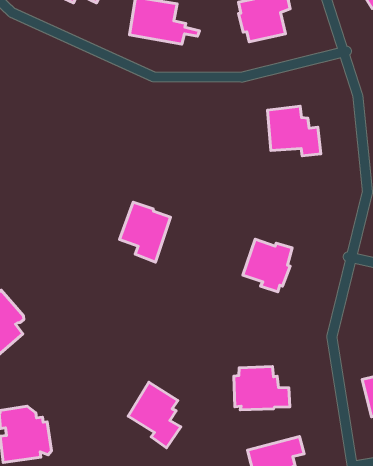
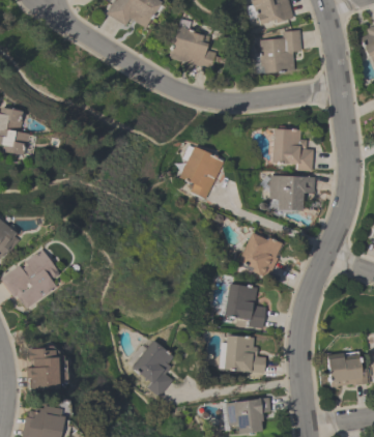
building: none -> [270,175,315,210]
building: [119,202,171,262] -> [179,147,223,198]
building: none -> [225,284,266,327]

